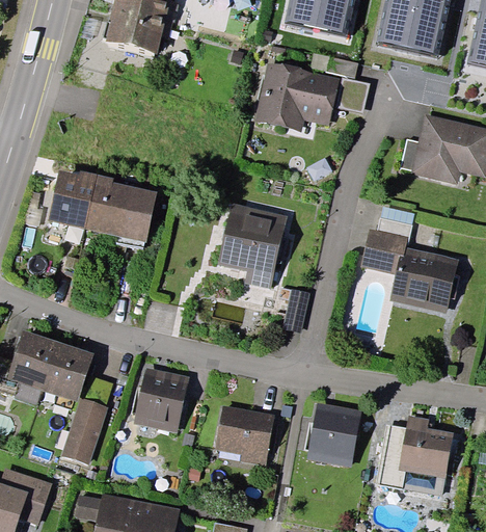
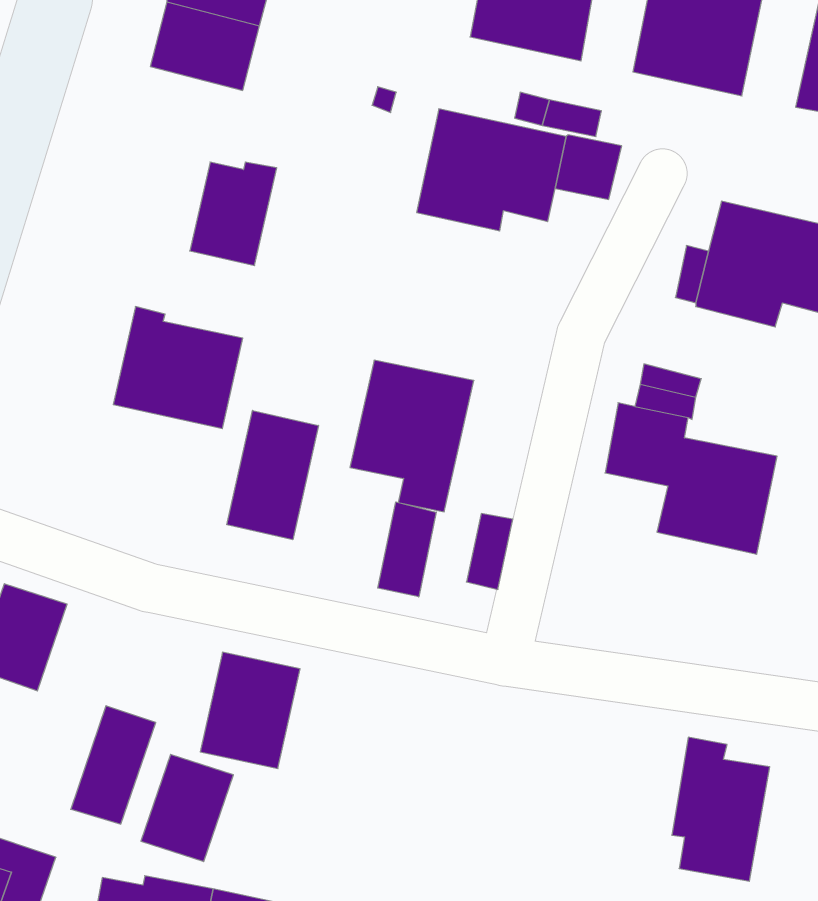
building: [48,170,97,229] -> [190,162,277,266]
building: none -> [227,410,318,540]
building: none -> [378,502,436,597]
building: [42,341,93,401] -> [141,754,233,862]
building: [306,402,360,468] -> none
building: [214,405,274,466] -> none
building: [376,425,405,489] -> none

